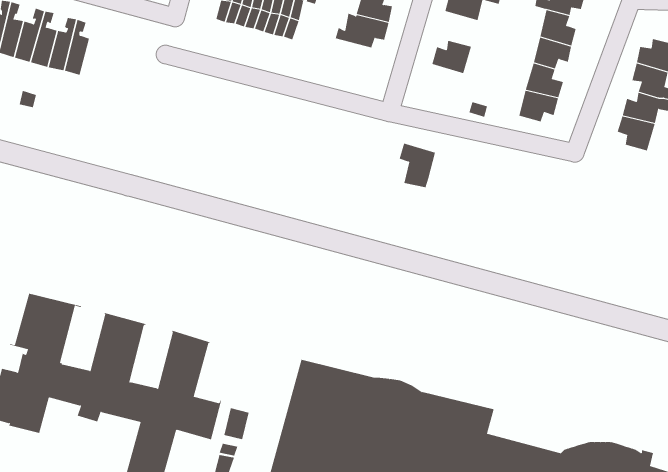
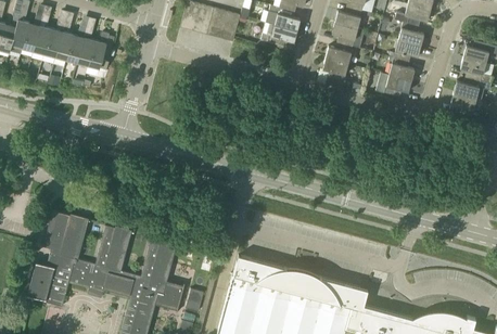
building: none -> [332,23,365,49]
building: none -> [89,33,110,70]
building: [399,143,436,188] -> [322,59,347,89]

